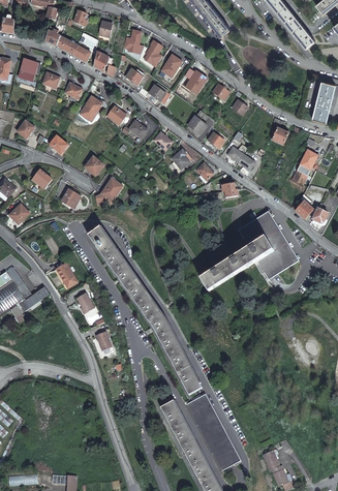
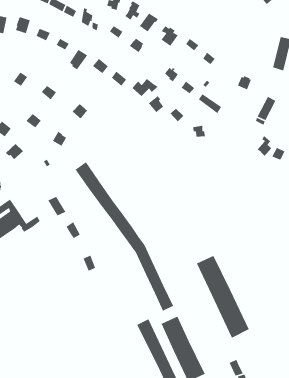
building: [94,179,122,206] -> none
building: [197,212,297,290] -> none
building: none -> [196,255,250,339]

